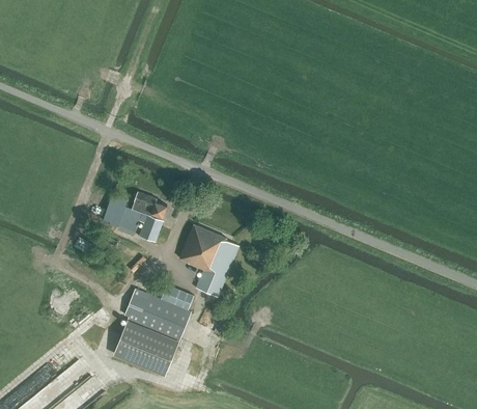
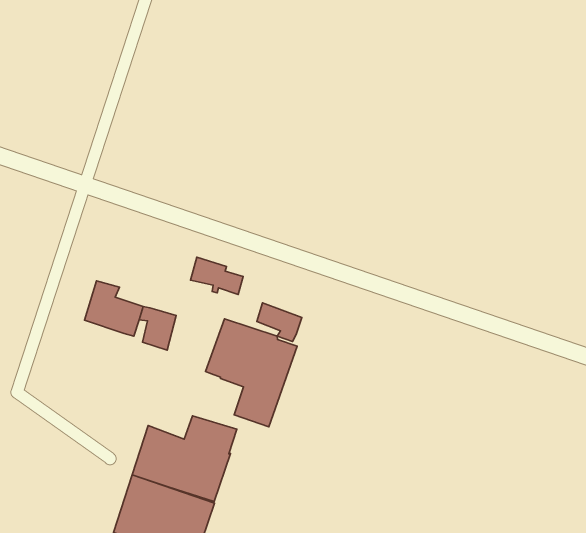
building: [132,191,166,217] -> [190,257,243,295]
building: none -> [257,303,302,342]

